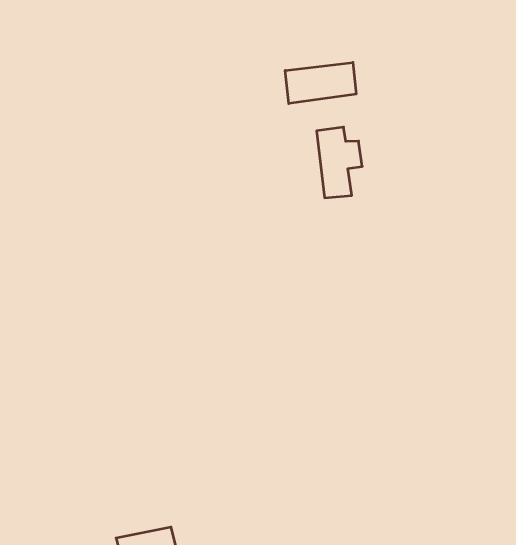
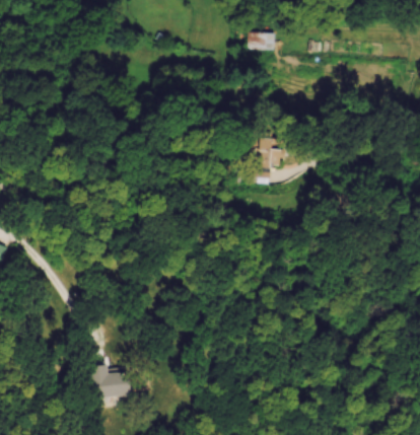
building: [285,62,356,104] -> none

